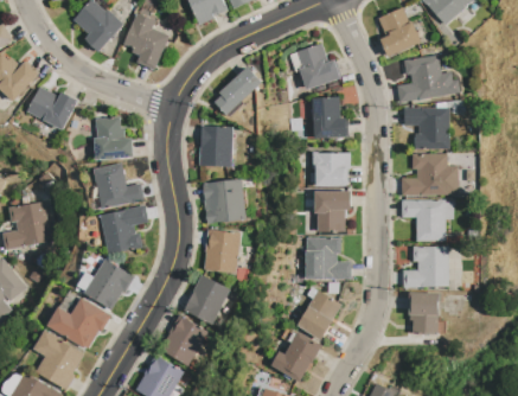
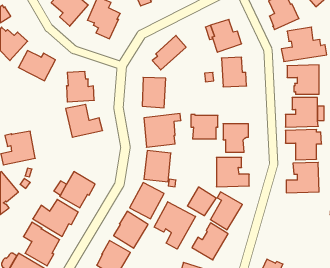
building: [312,151,350,185] -> [191,115,218,139]
building: [100,204,148,254] -> none
building: none -> [187,187,216,216]
building: [410,290,439,334] -> none
building: none -> [154,202,196,249]

